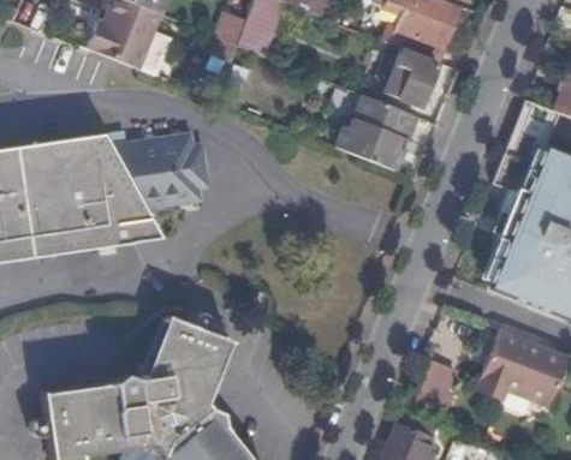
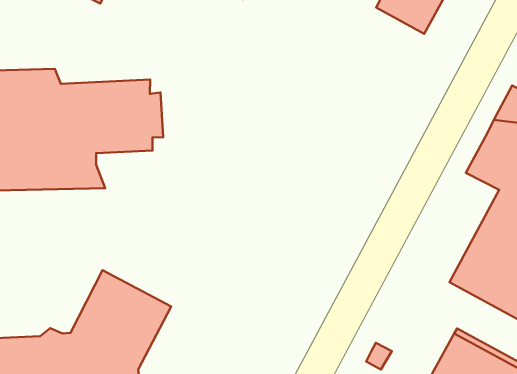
building: [387,50,439,106] -> none
building: [339,96,420,171] -> none

